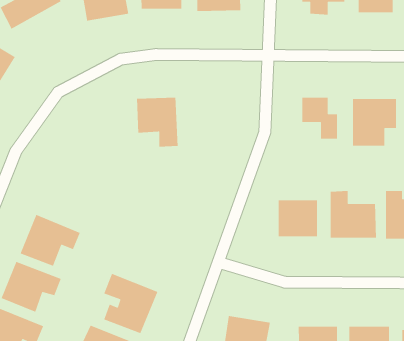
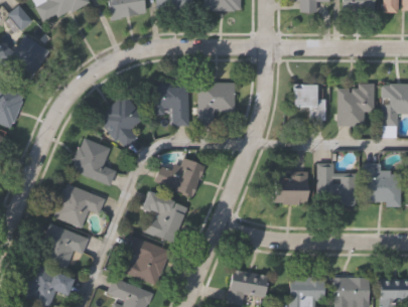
building: none -> [199,83,235,124]
building: none -> [97,95,145,150]
building: none -> [72,138,117,185]
building: none -> [154,158,206,196]
building: none -> [141,190,189,243]

